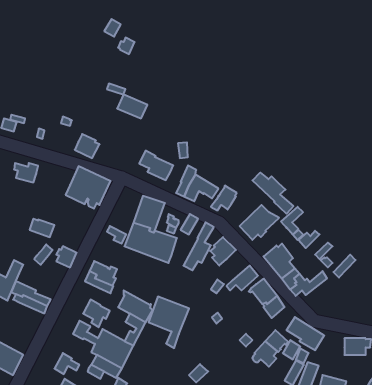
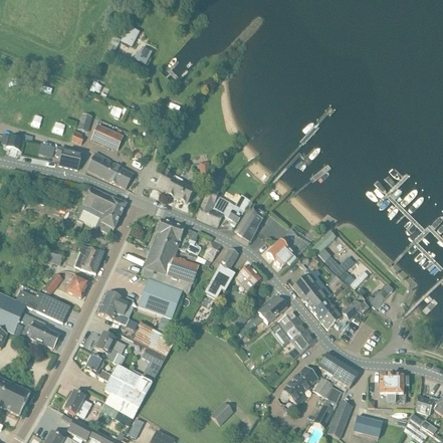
building: [117,95,147,118] -> [90,125,124,151]
building: none -> [105,163,133,188]
building: [14,163,38,182] -> [56,148,82,169]
building: [252,173,293,214] -> none
building: none -> [73,244,104,273]
building: none -> [26,290,70,322]
building: [149,297,189,348] -> [138,278,182,335]

